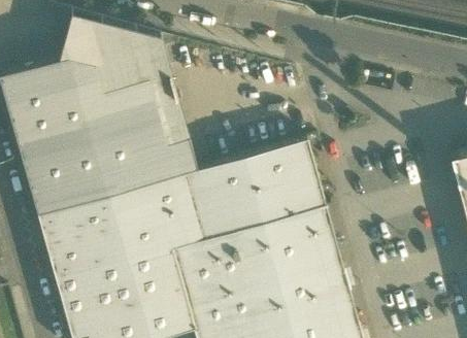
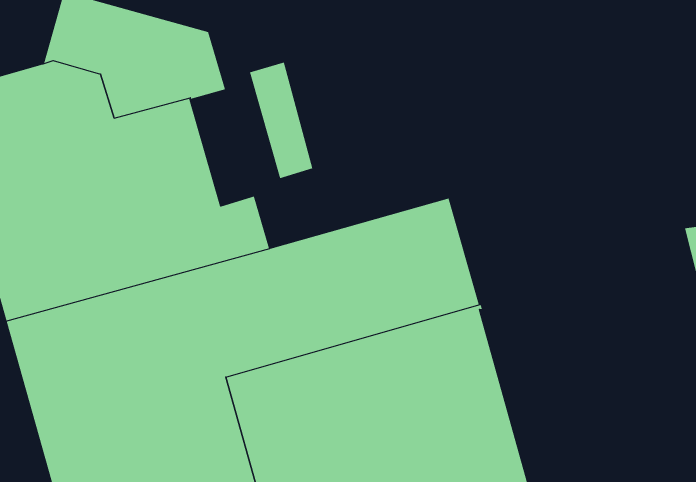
building: [148,74,188,145] -> [249,62,313,179]

